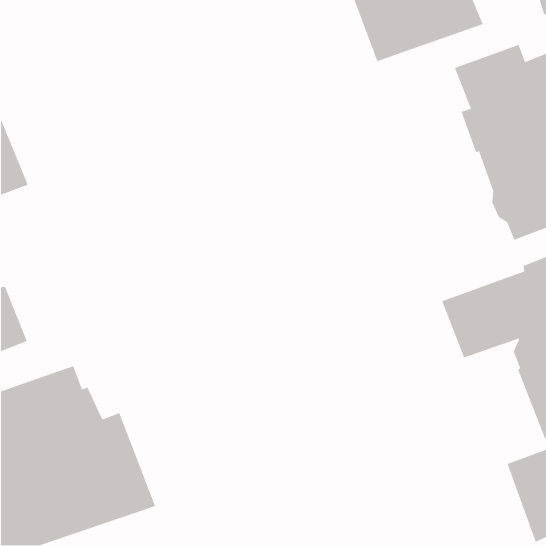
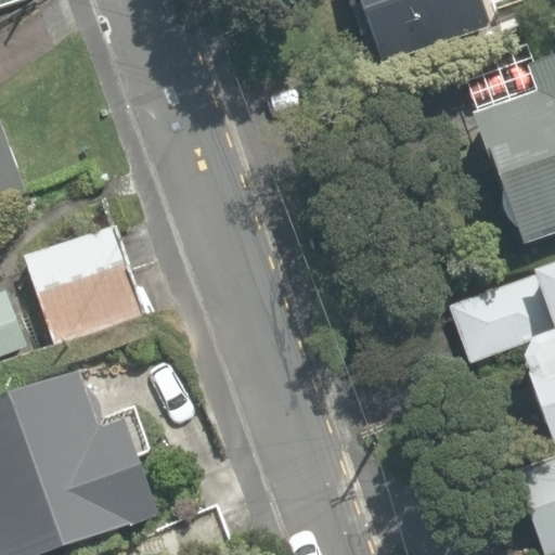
building: none -> [23,224,150,344]

